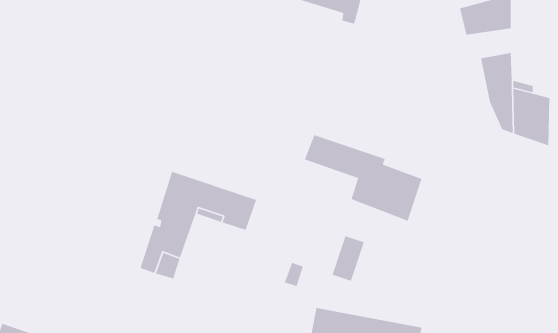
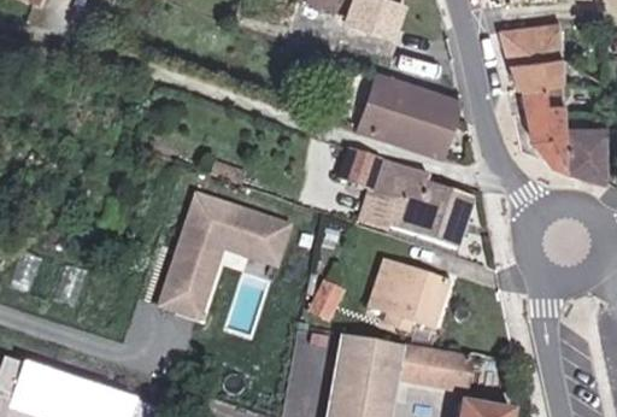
building: none -> [513,48,563,81]
building: none -> [358,66,456,153]
building: none -> [389,280,441,342]

